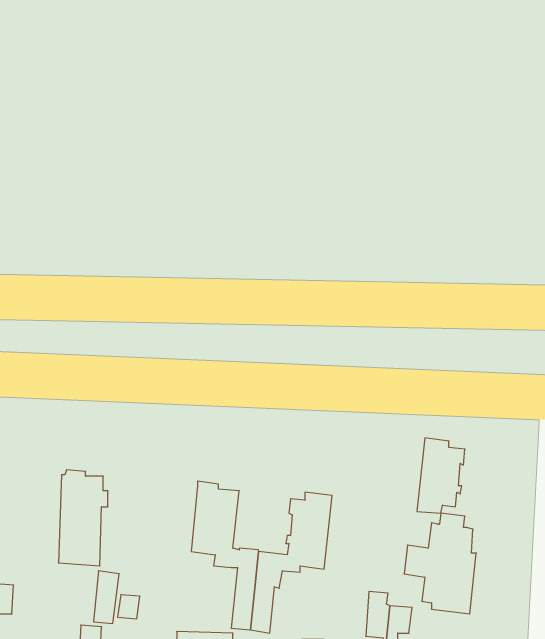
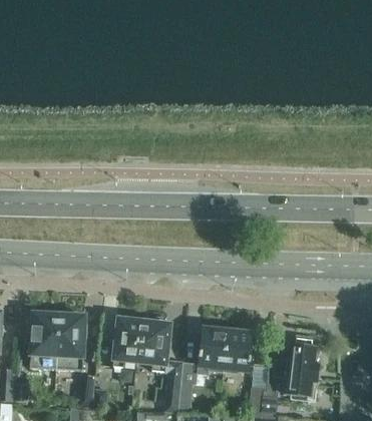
building: [417,438,465,513] -> [223,326,253,373]
building: none -> [30,309,58,368]
building: none -> [112,317,143,367]

